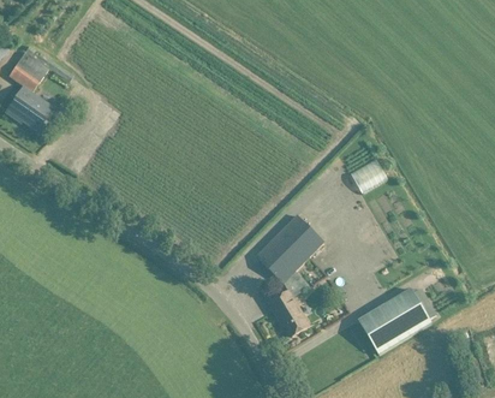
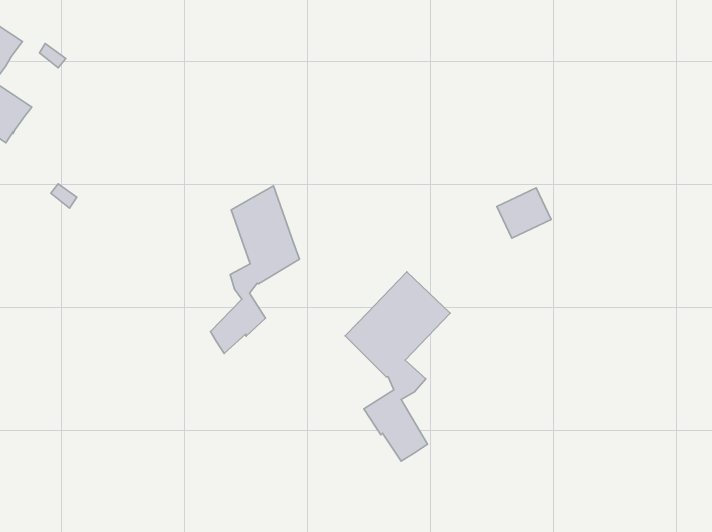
building: none -> [210,186,299,354]
building: [357,287,431,354] -> none

